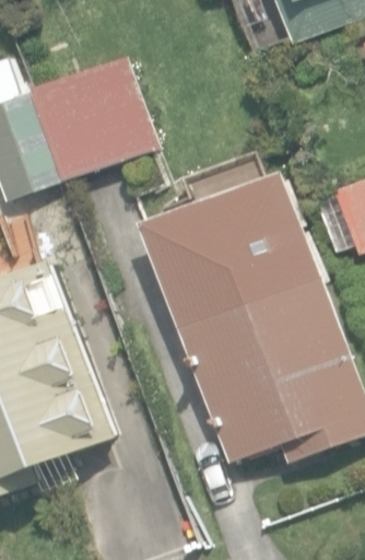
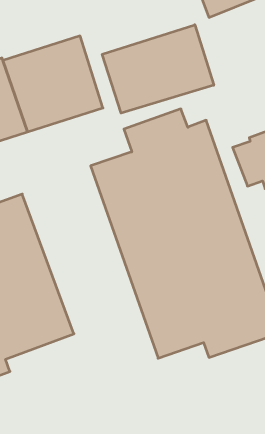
building: none -> [102,25,214,113]

